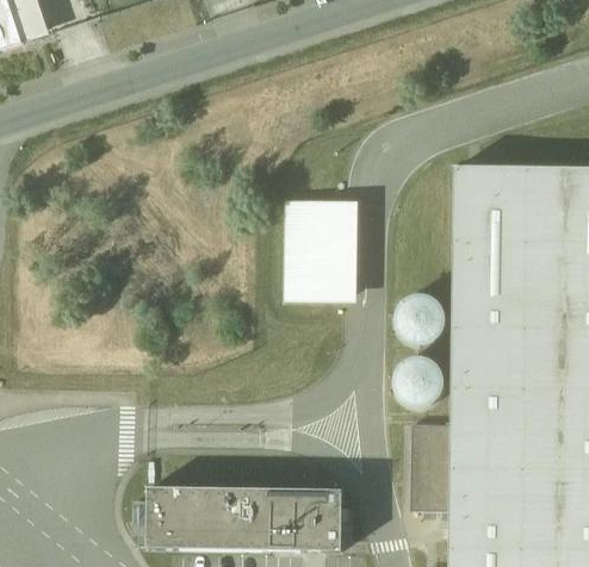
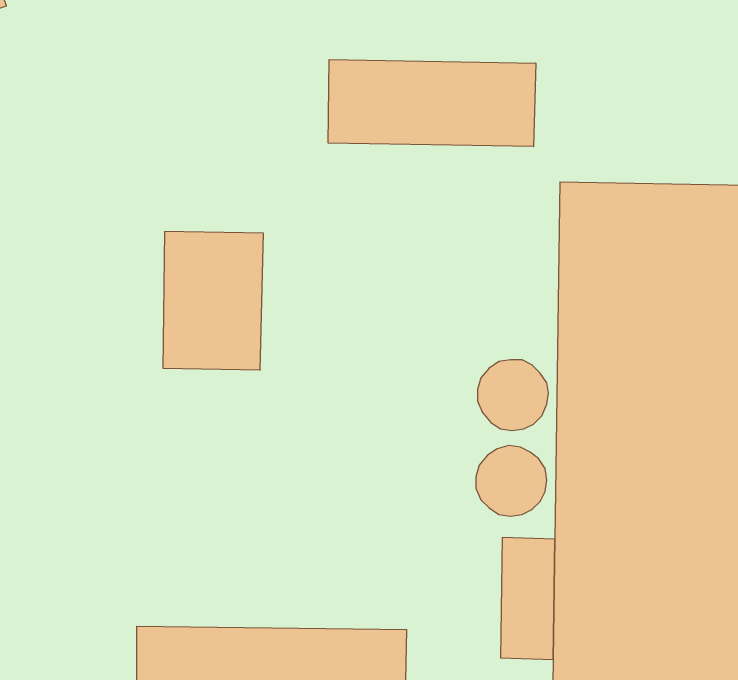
building: none -> [328,60,536,147]
building: [284,200,356,300] -> [163,232,263,370]

